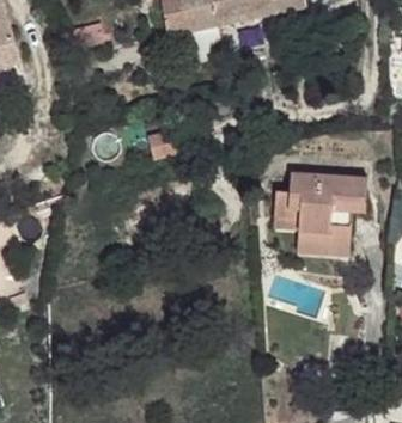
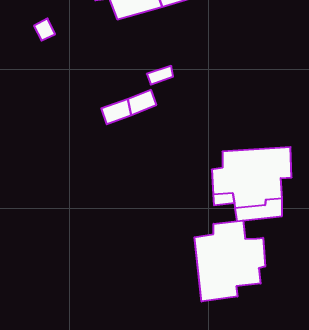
building: none -> [194,220,265,302]

